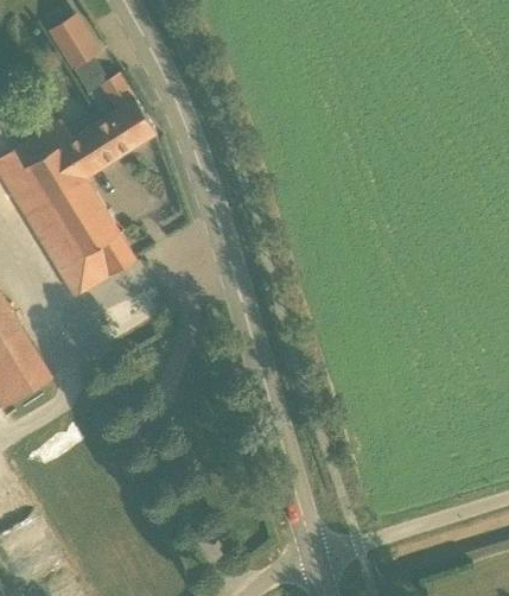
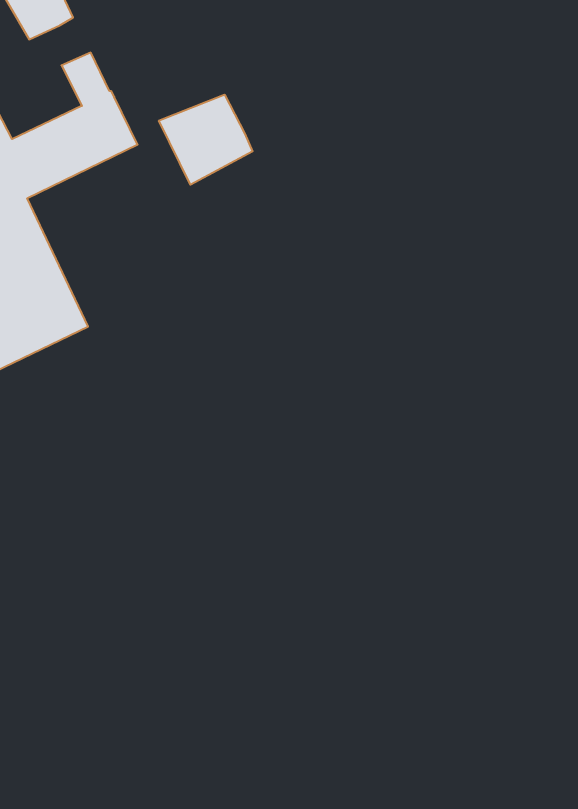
building: none -> [159,95,253,185]

